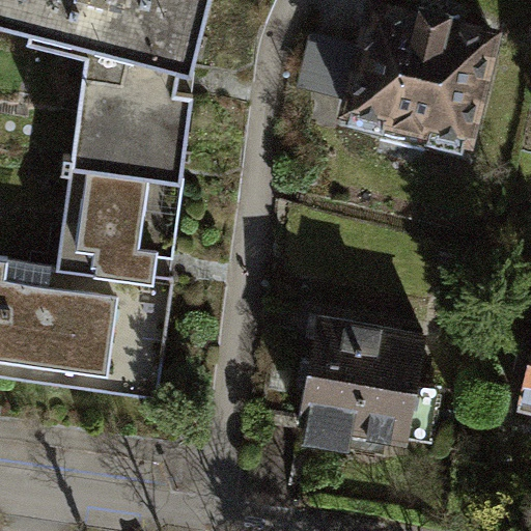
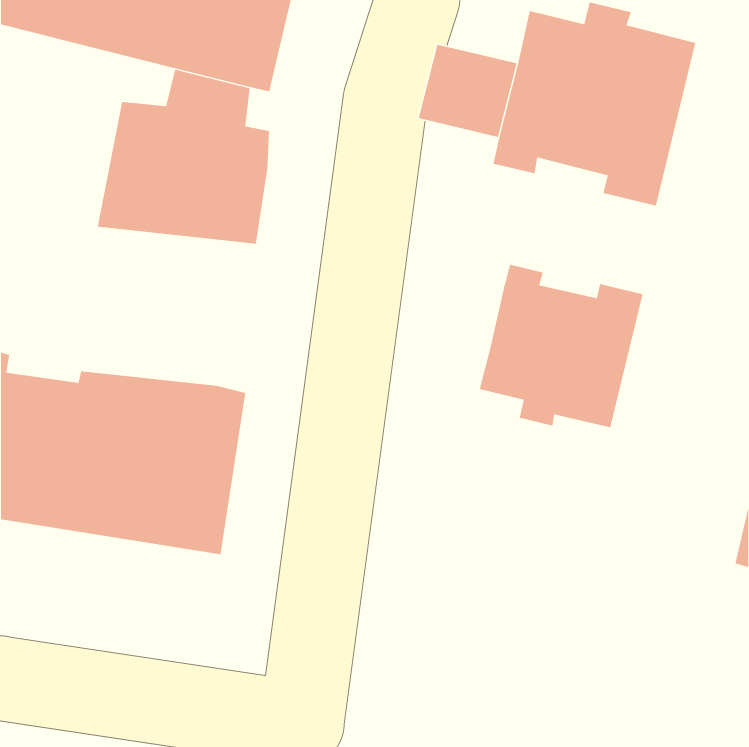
building: [57,161,181,273] -> none
building: none -> [479,264,643,428]
building: [303,314,421,432] -> none

